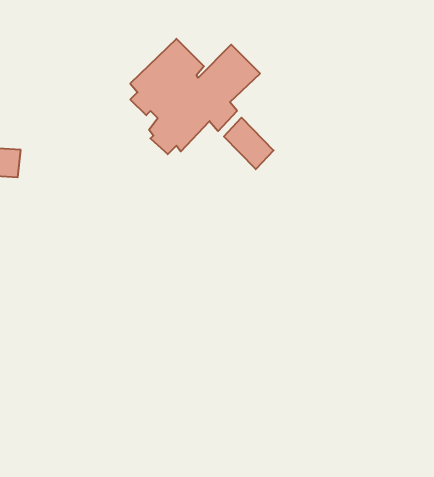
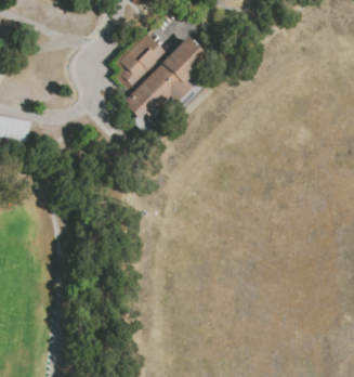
building: [224,118,274,169] -> none

